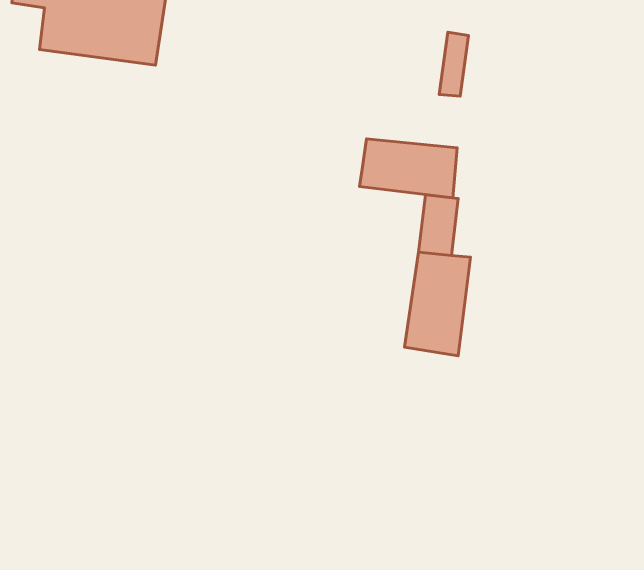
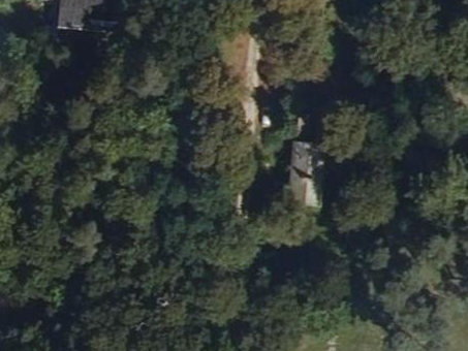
building: [360,139,457,198] -> none

